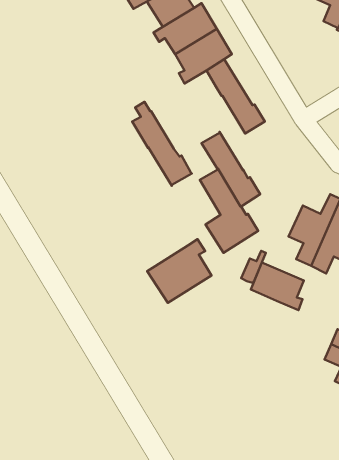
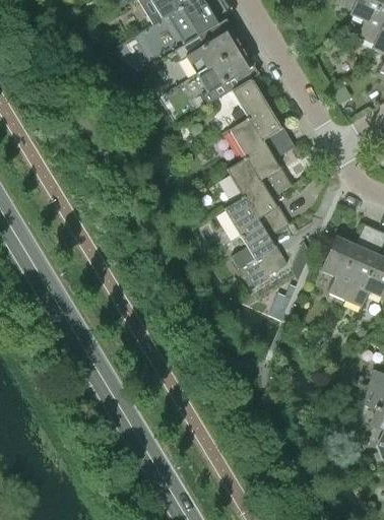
building: [132,102,192,186] -> [229,108,293,198]
building: [147,239,211,303] -> none
building: [251,262,304,310] -> none

